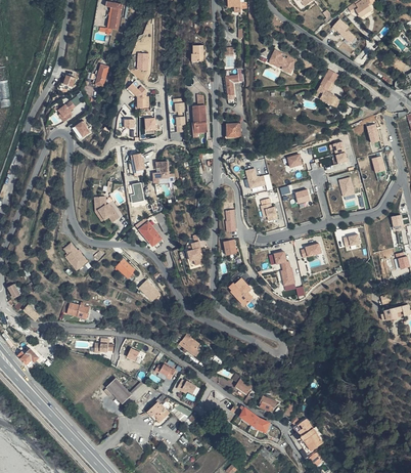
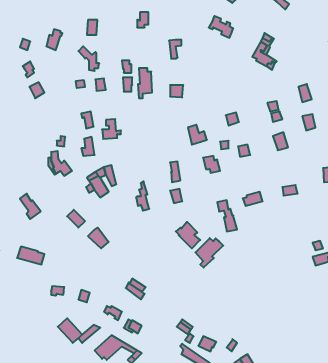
building: none -> [195,238,223,268]

